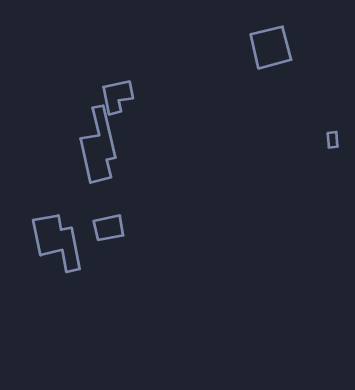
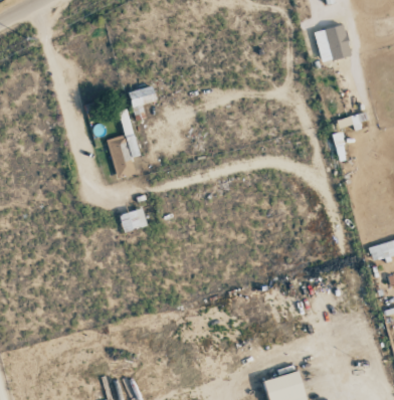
building: [251,27,291,68] -> [315,24,352,62]
building: [33,215,80,272] -> none

